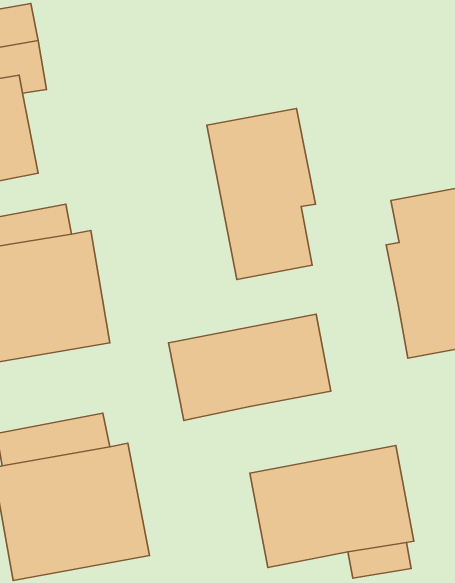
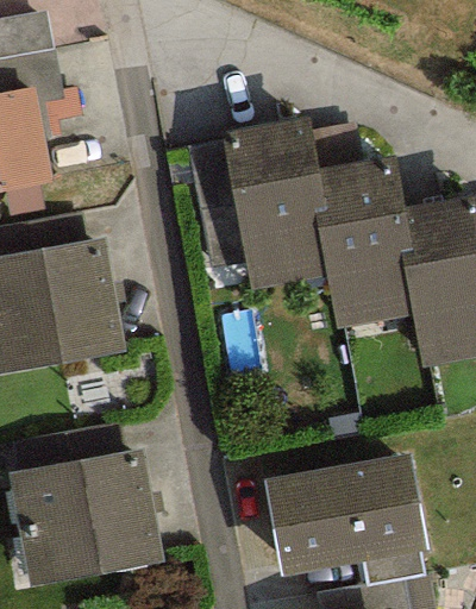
building: none -> [314,158,412,328]
building: [169,314,331,420] -> none

